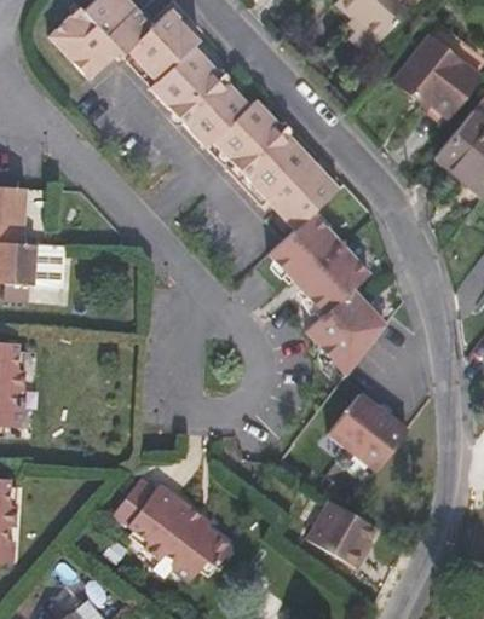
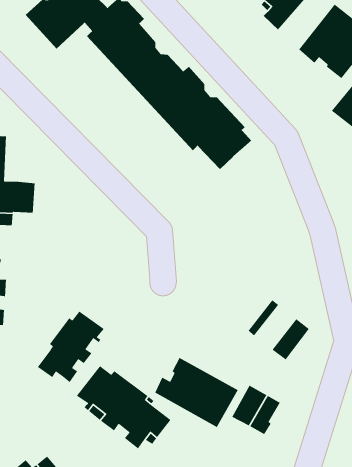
building: [269,214,385,375] -> none
building: [338,400,391,457] -> none
building: none -> [37,310,105,383]
building: none -> [154,357,239,428]

